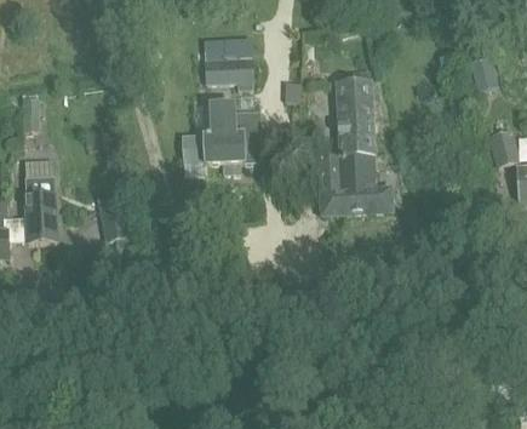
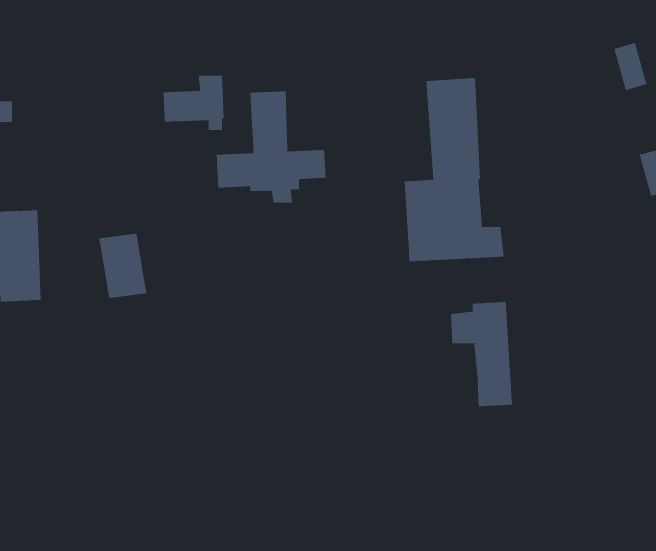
building: [206,46,251,86] -> [163,75,225,131]
building: none -> [451,301,513,407]

